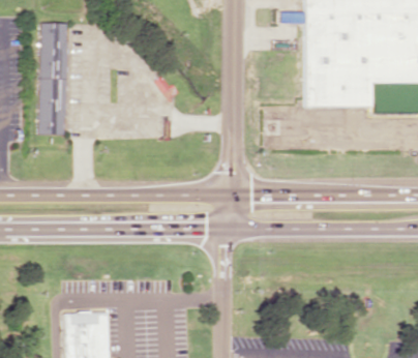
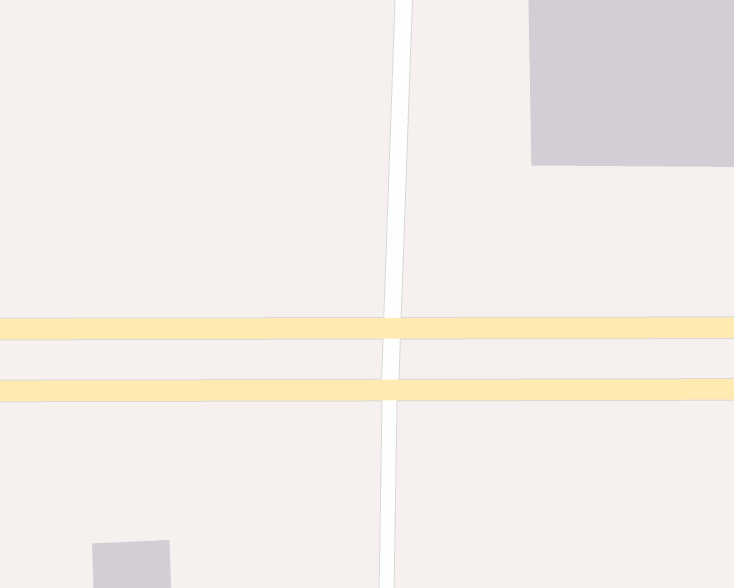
building: [39,23,67,132] -> none

